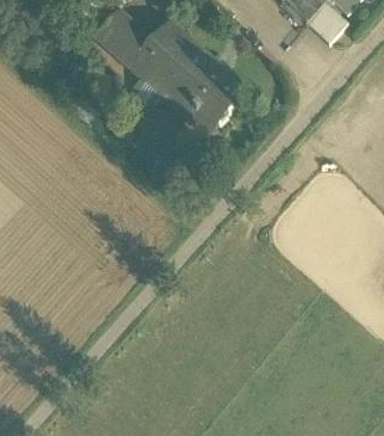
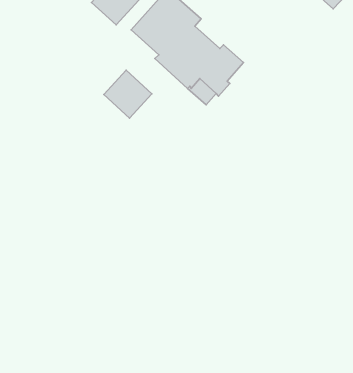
building: none -> [104,70,152,118]

